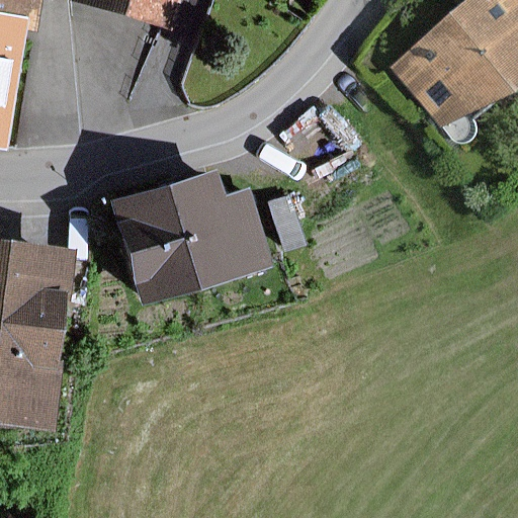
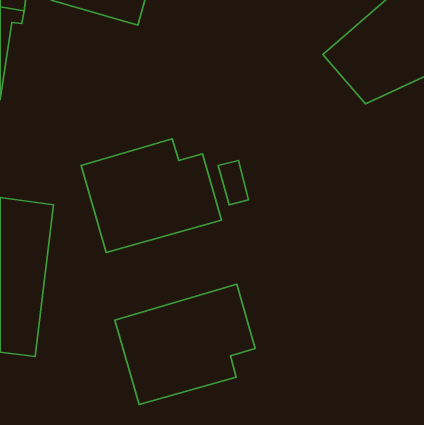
building: none -> [115,284,255,405]

